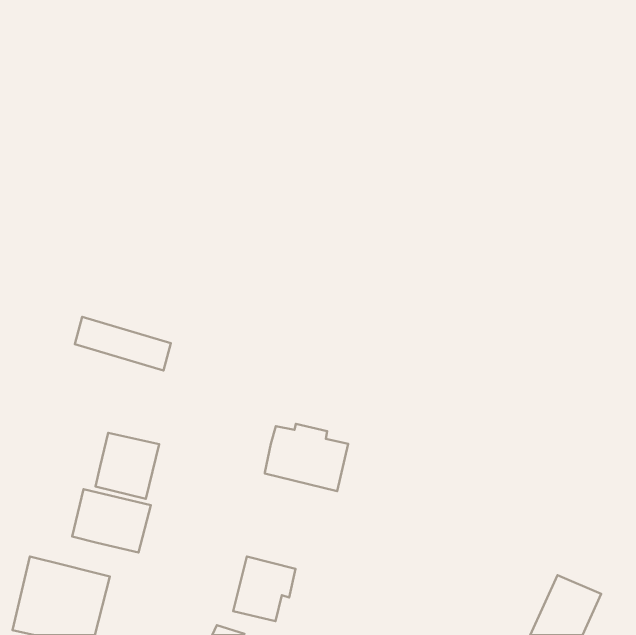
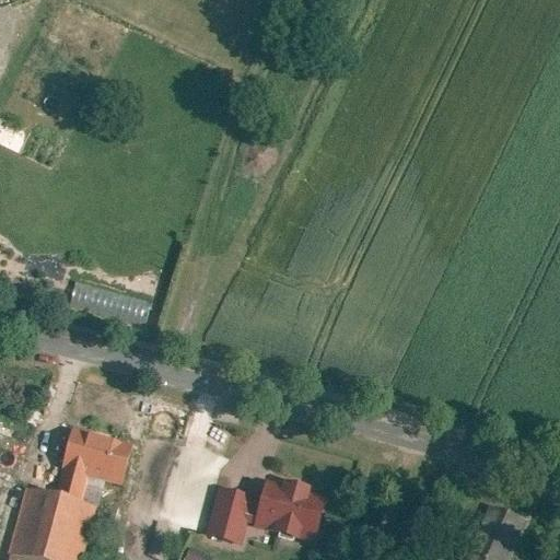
building: [265,424,348,491] -> [254,481,327,540]
building: [96,433,159,499] -> none
building: none -> [57,470,85,501]

